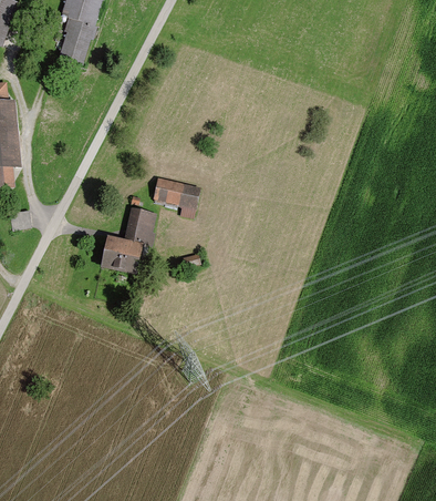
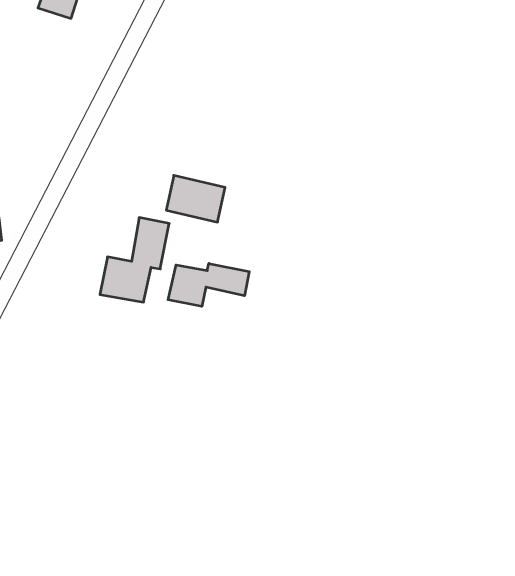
building: none -> [168,263,249,306]

